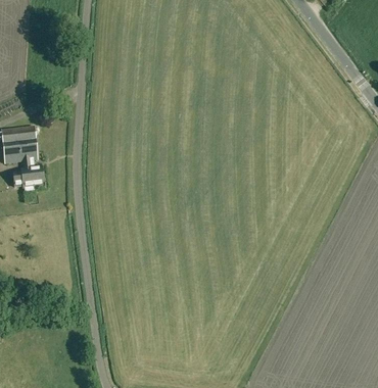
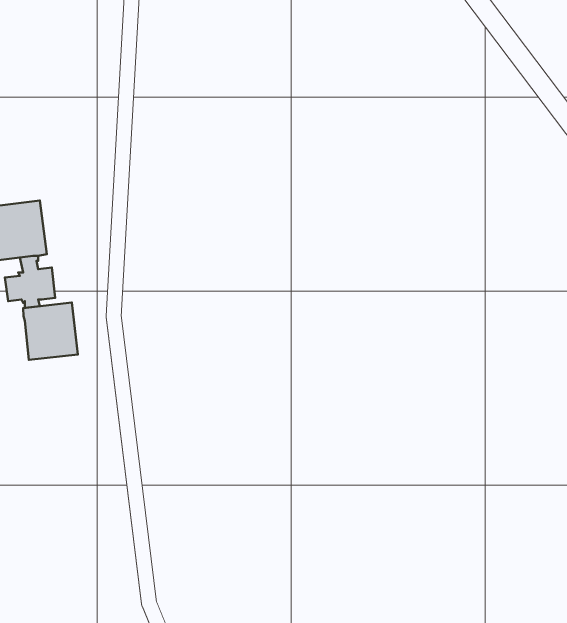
building: none -> [23,303,78,360]

